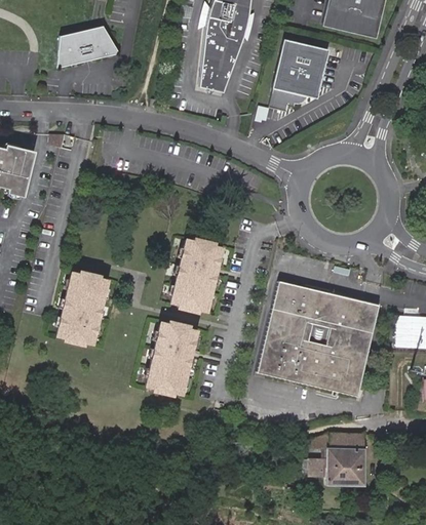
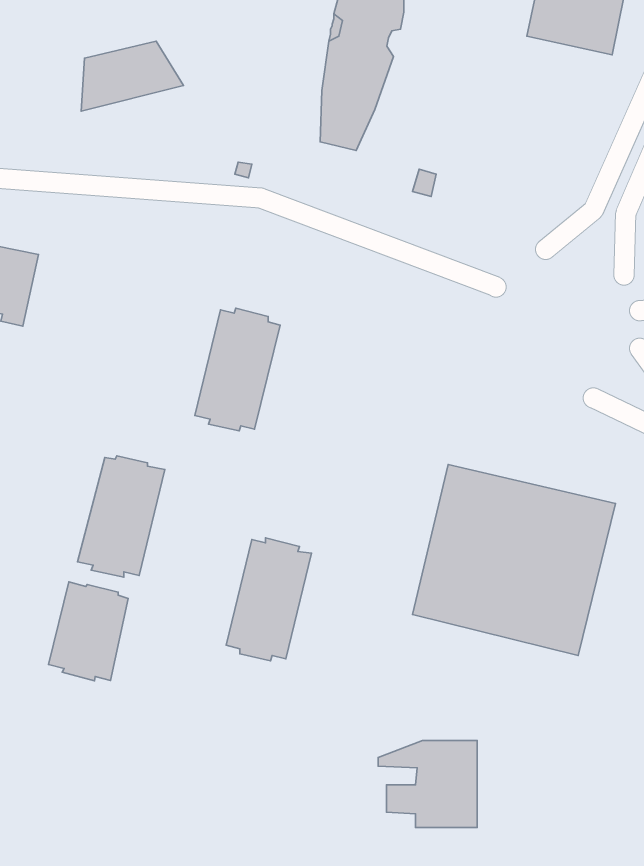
building: [270,37,326,107] -> none
building: [169,241,221,315] -> [195,308,280,431]
building: none -> [49,582,128,681]
building: [305,431,364,483] -> [378,740,477,827]

